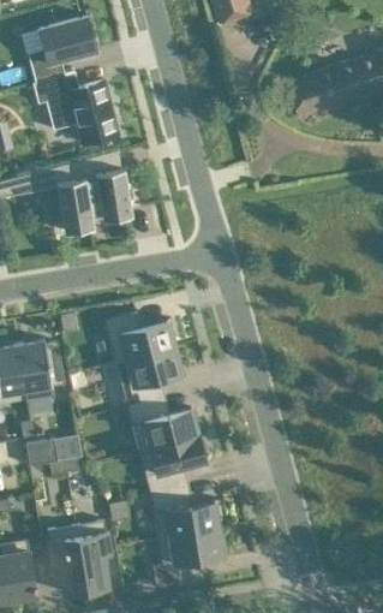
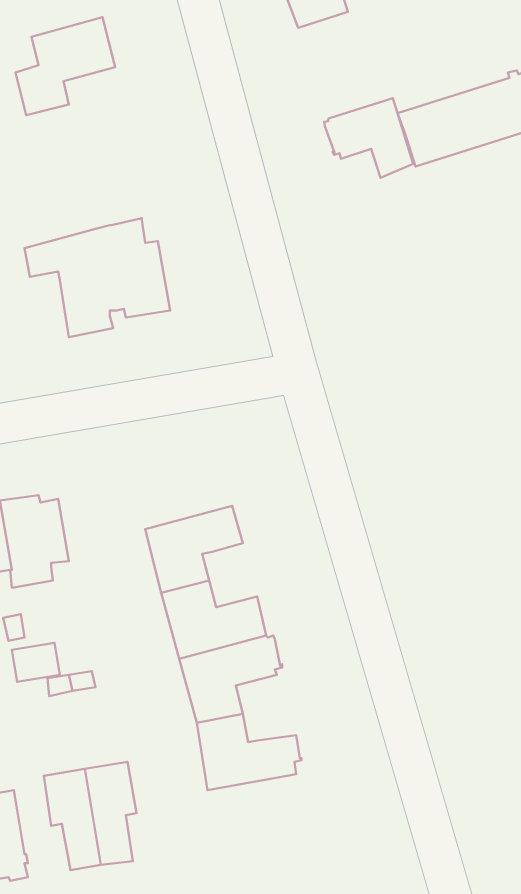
building: none -> [324,98,413,178]
building: [34,72,119,144] -> none
building: [104,313,178,363] -> none
building: [154,529,225,587] -> none

